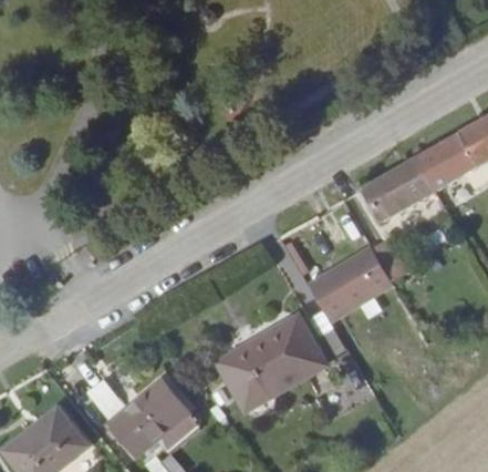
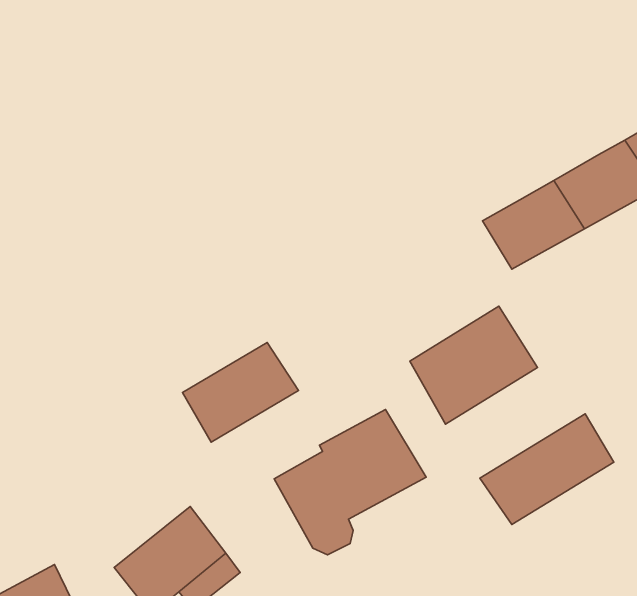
building: none -> [183,343,298,442]
building: none -> [480,414,614,524]

